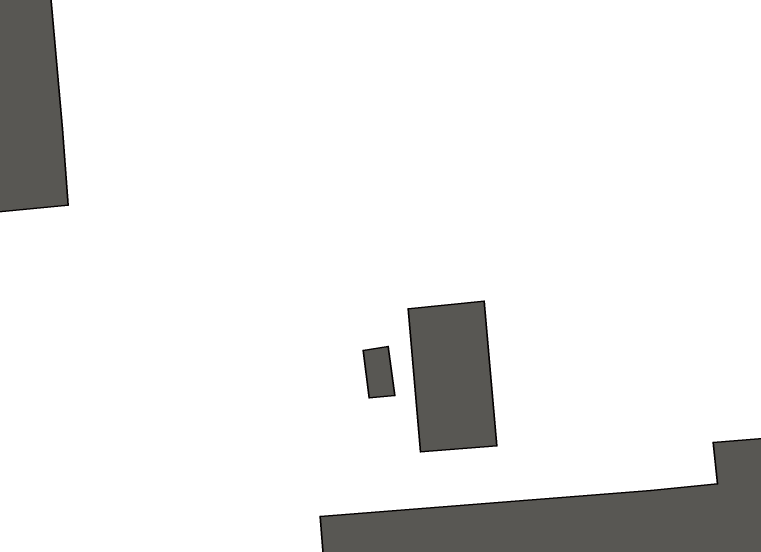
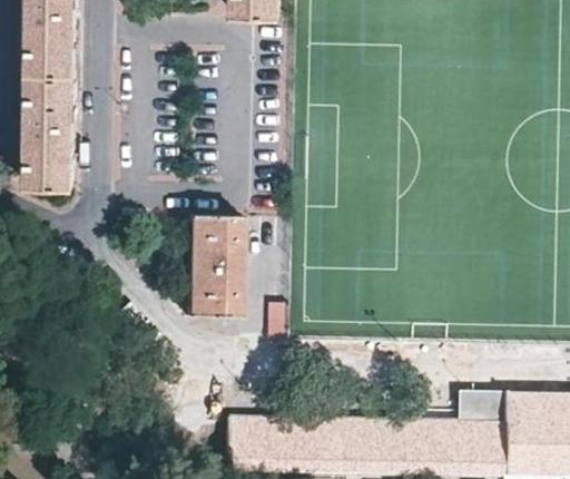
building: [408,301,497,452] -> [186,214,240,315]
building: none -> [456,389,503,419]

